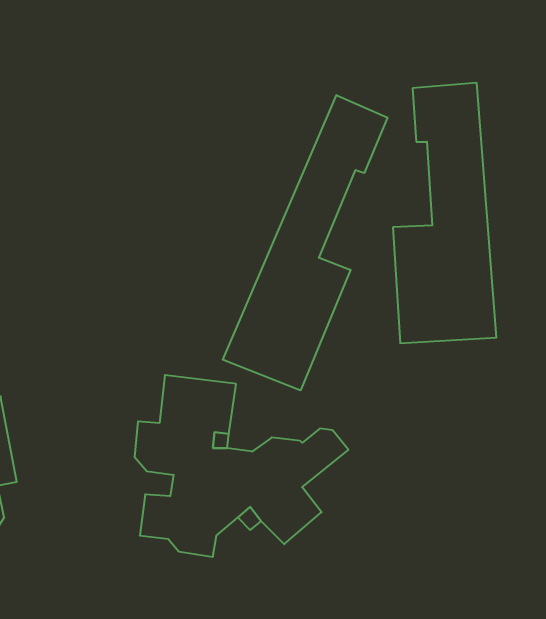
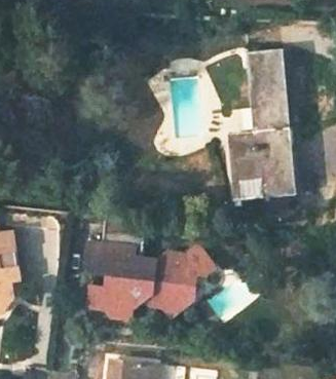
building: [223,95,387,390] -> none

